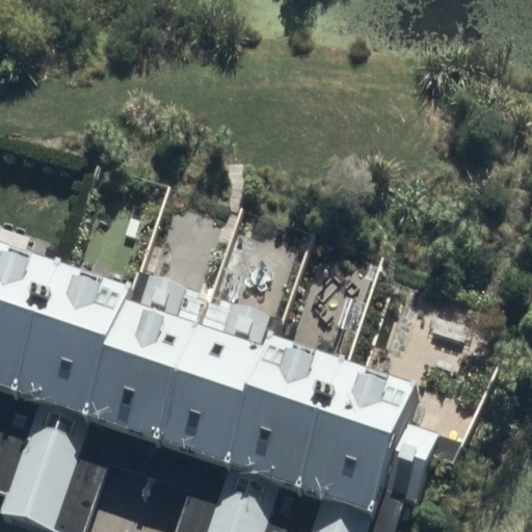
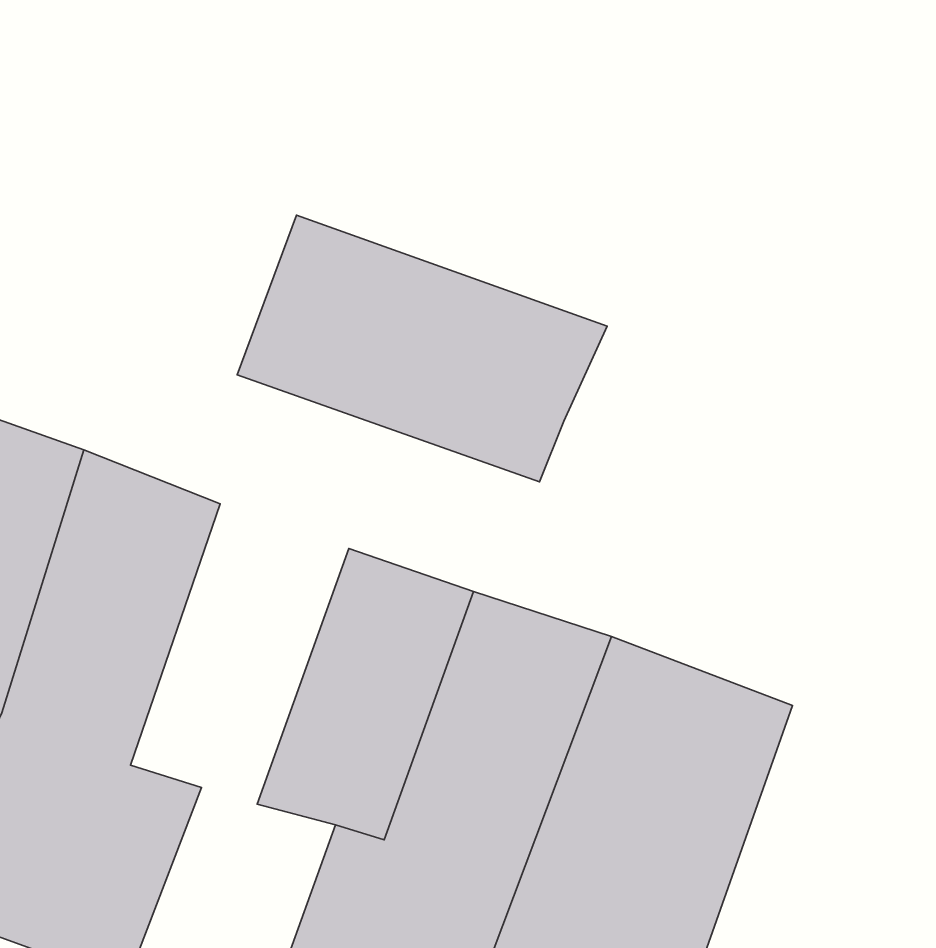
building: none -> [237,215,607,482]
building: [73,284,194,451] -> none

